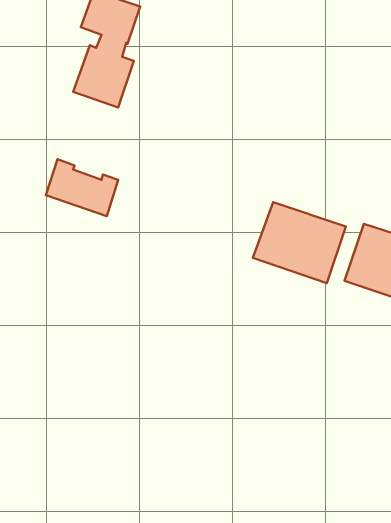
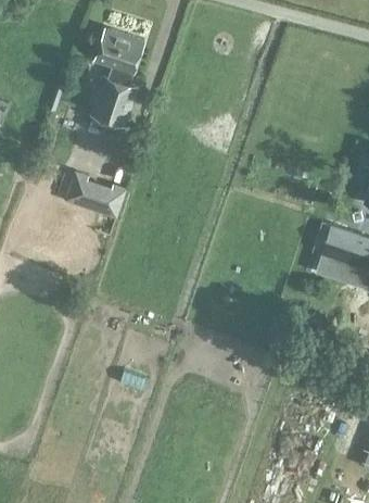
building: [253,202,346,283] -> none

